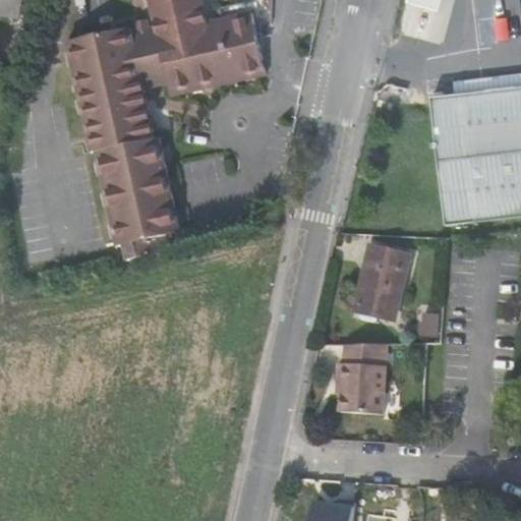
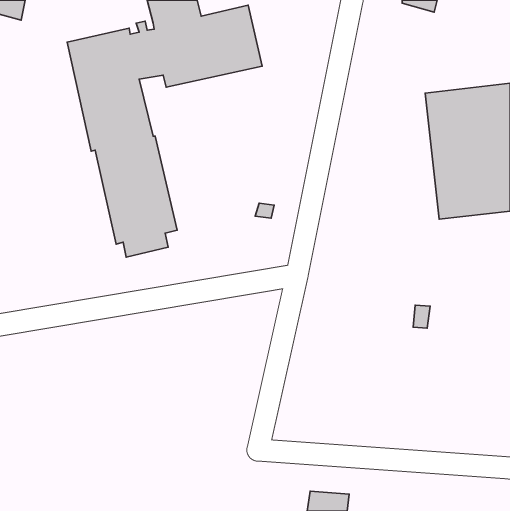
building: [357,243,409,319] -> none
building: [335,342,385,412] -> none

